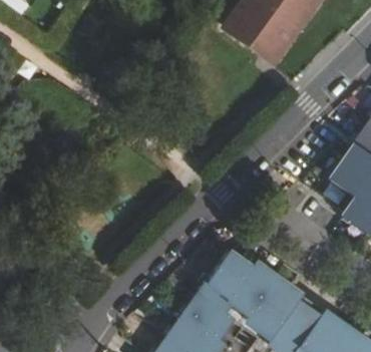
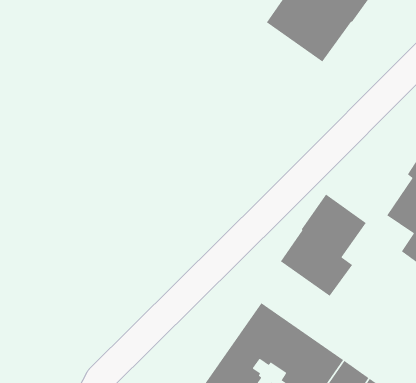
building: none -> [280,194,367,297]

